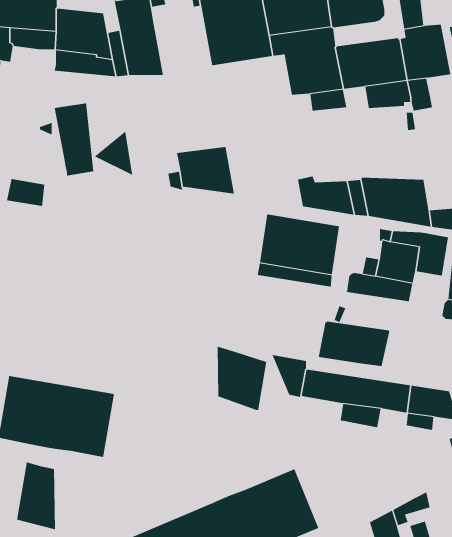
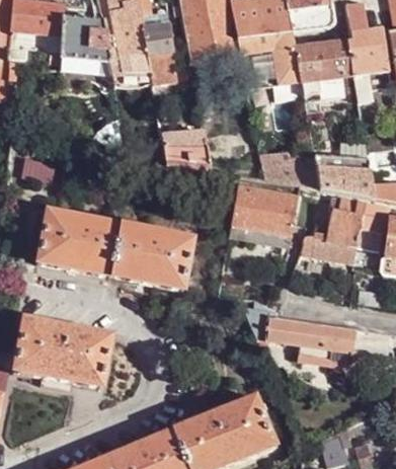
building: [54,103,94,176] -> [143,21,176,82]
building: none -> [35,209,192,287]
building: [318,321,390,367] -> none
building: [217,346,267,411] -> none
building: [16,461,55,530] -> none

